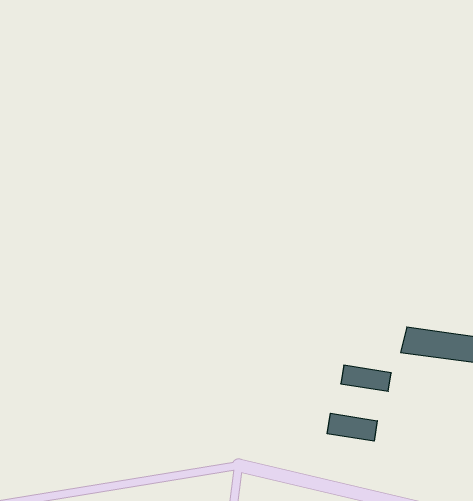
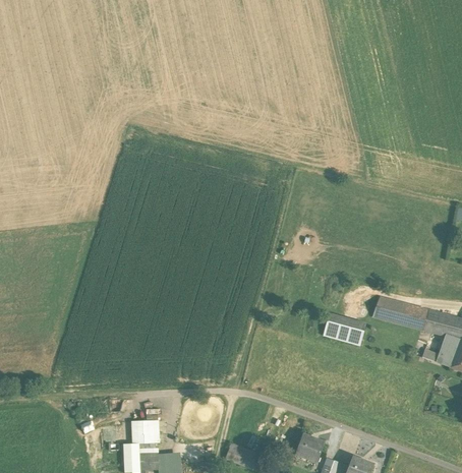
building: [327,413,377,441] -> none

